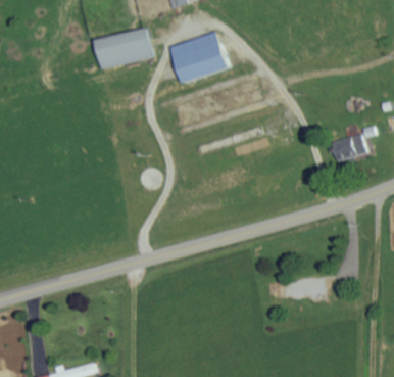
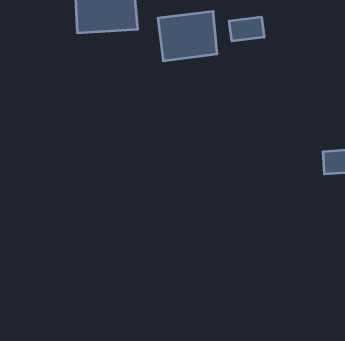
building: none -> [229,17,264,41]

